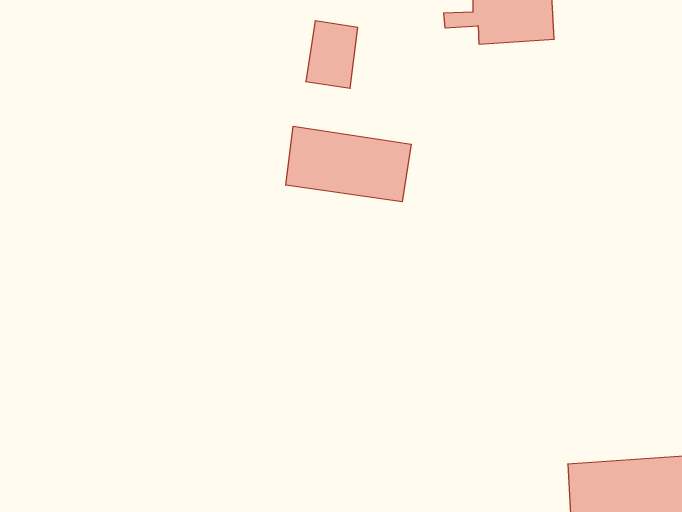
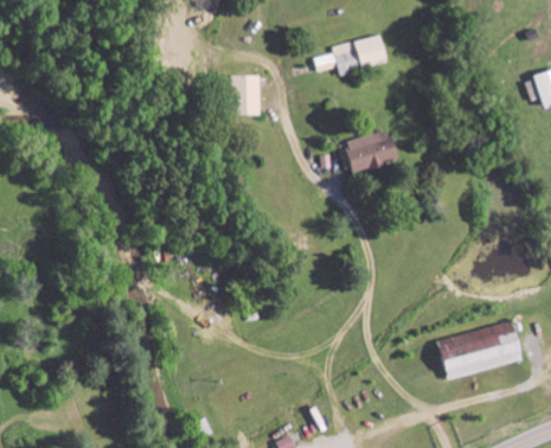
building: [286,126,411,202] -> none
building: none -> [342,129,397,173]

